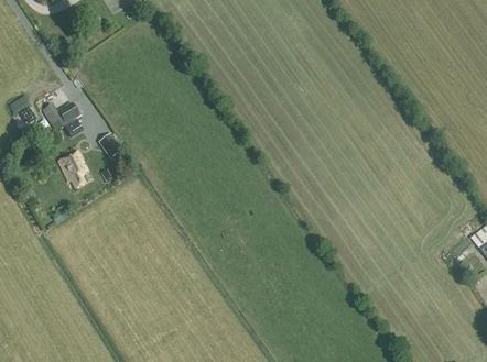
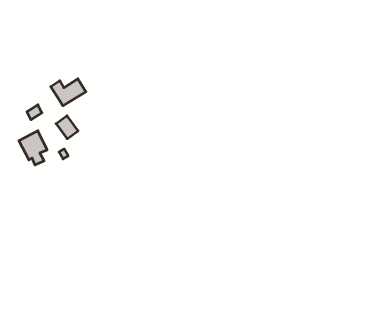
building: [42,100,80,130] -> [51,79,86,106]

